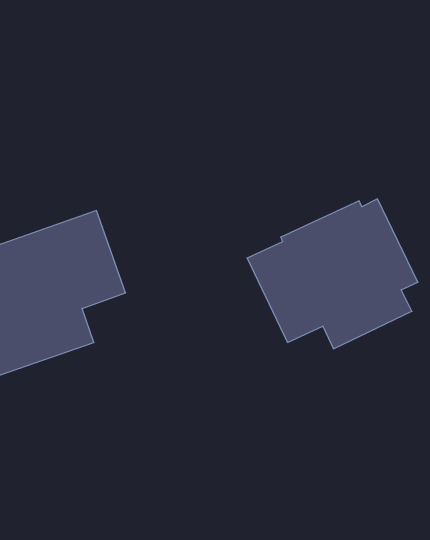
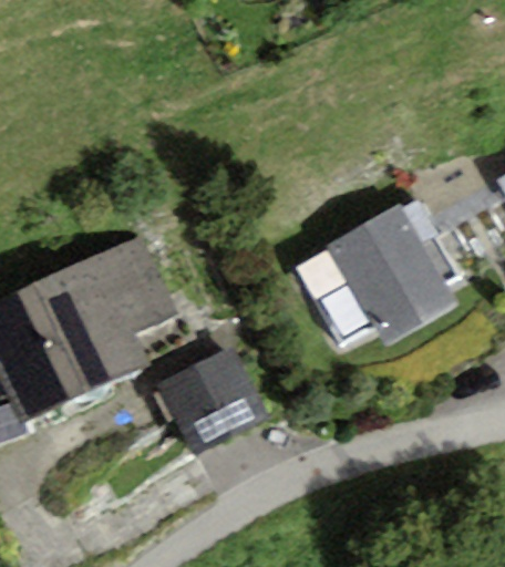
building: none -> [157,346,270,457]

